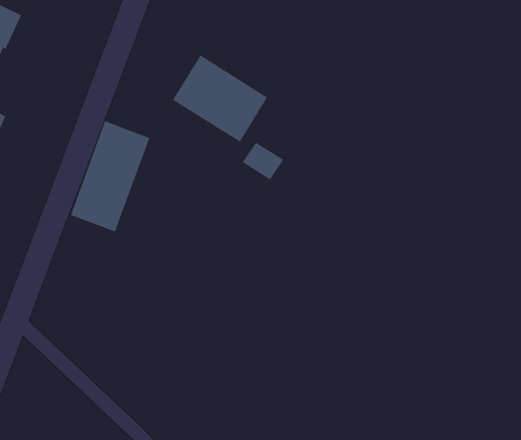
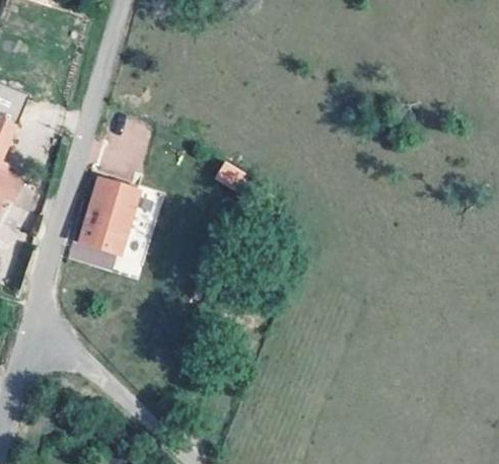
building: [172,55,268,143] -> none

